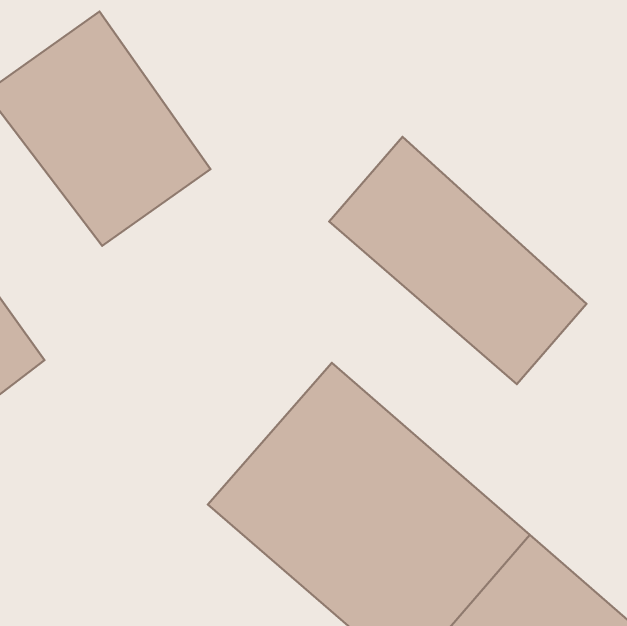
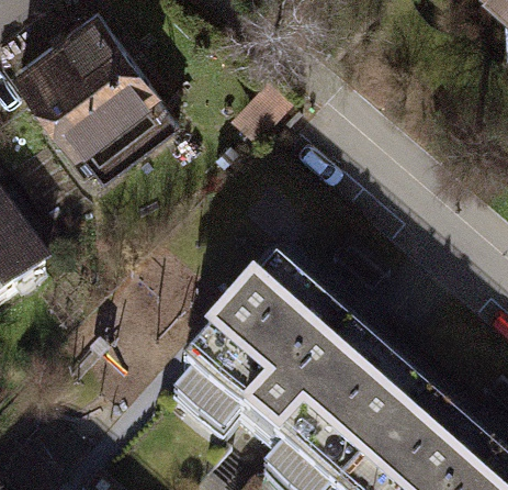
building: [329,137,586,384] -> none

